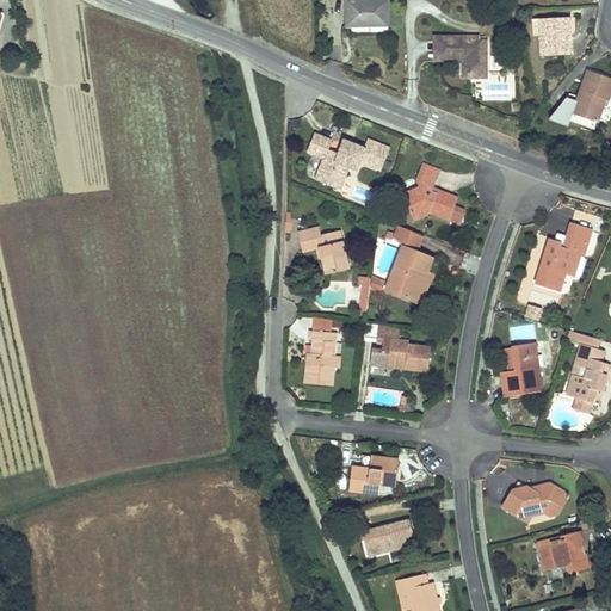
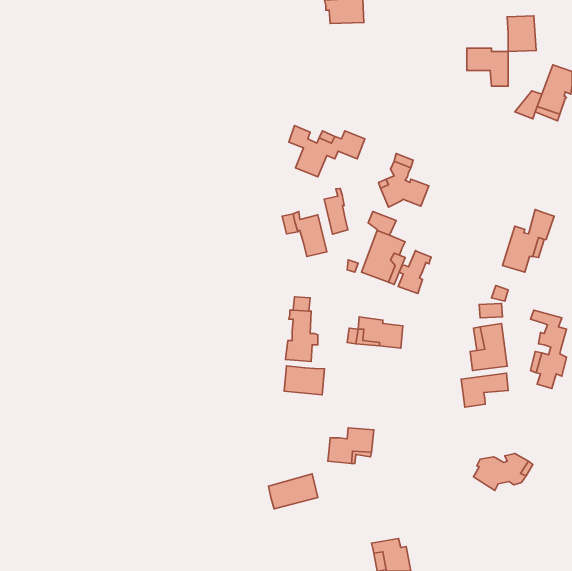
building: [443,36,487,76] -> [467,48,508,86]
building: none -> [324,189,348,234]
building: none -> [398,251,431,294]
building: none -> [284,366,324,395]
building: none -> [461,373,508,407]
building: [362,518,414,555] -> [269,474,318,509]
building: [538,531,590,573] -> none

